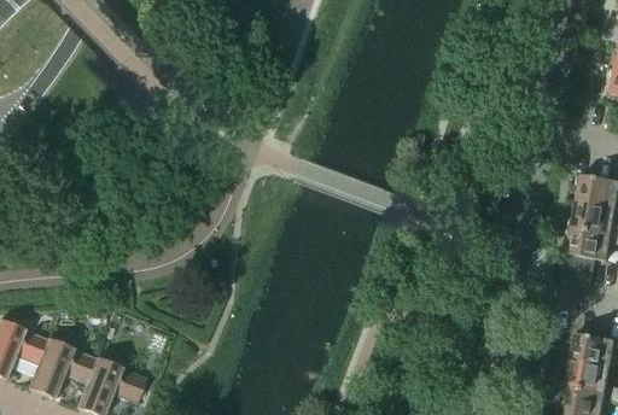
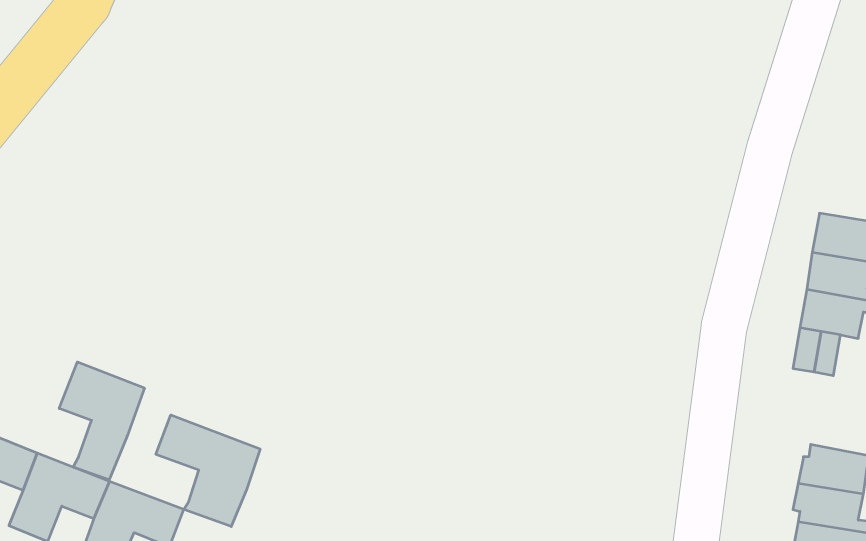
building: none -> [59,362,144,480]
building: none -> [156,415,260,527]

